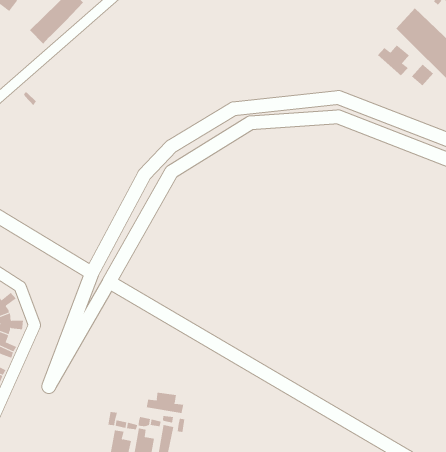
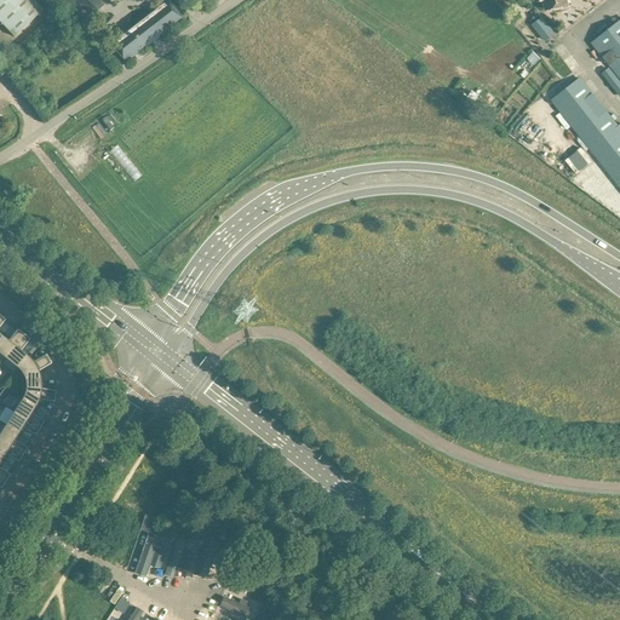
building: [377,44,410,76] -> none
building: [146,392,184,414] -> none

